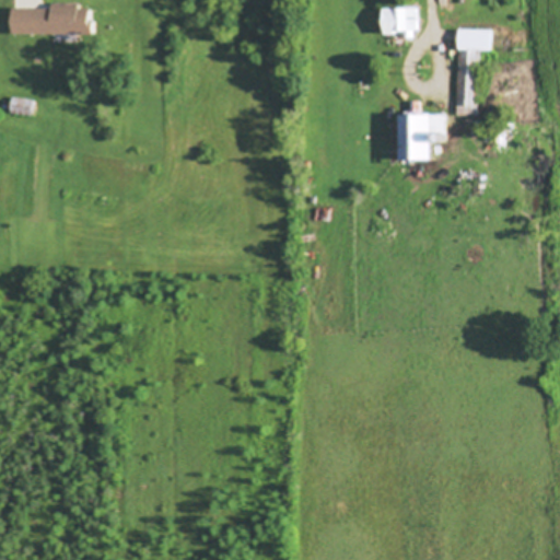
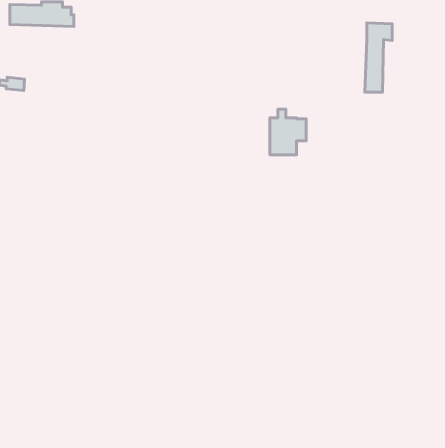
building: [382,7,415,37] -> none
building: [398,103,443,160] -> [270,109,306,155]

